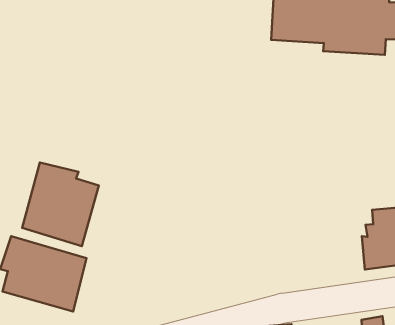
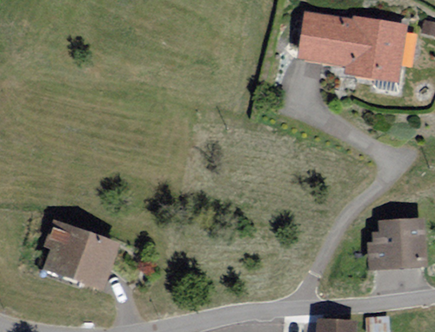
building: [22,163,99,246] -> none

